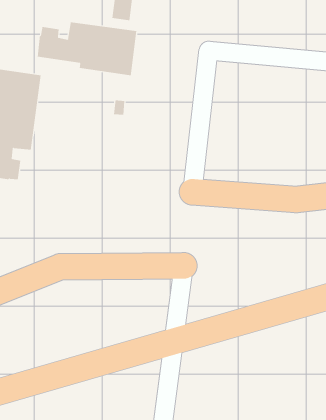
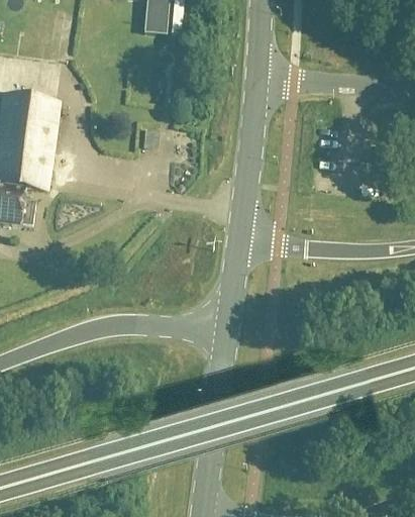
building: [37,22,137,76] -> none

